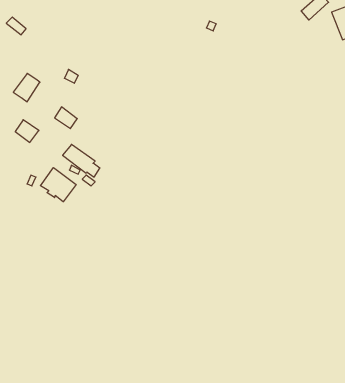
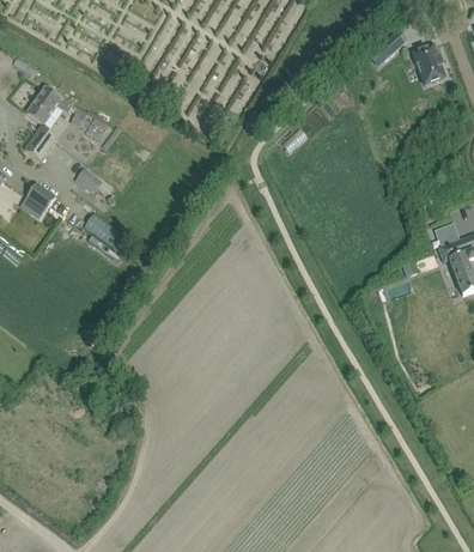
building: none -> [28,85,73,123]
building: [40,168,76,202] -> none

